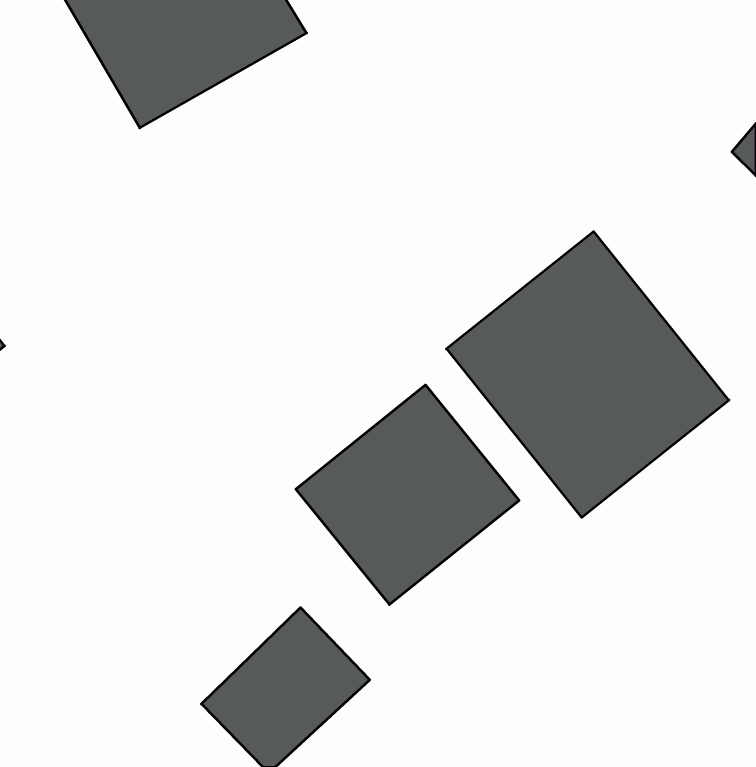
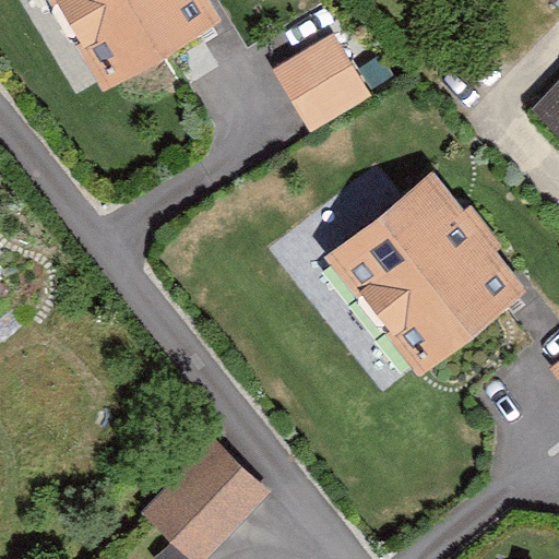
building: none -> [270,33,371,134]
building: [296,385,519,605] -> none

